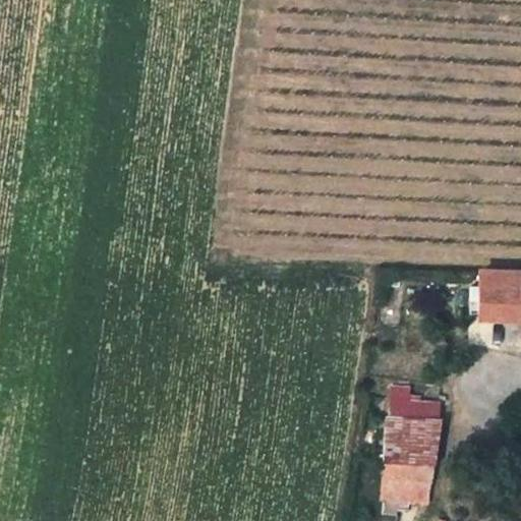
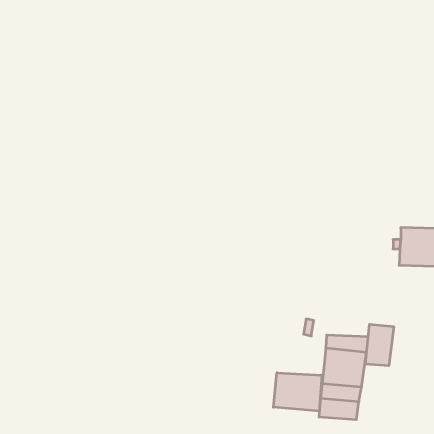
building: none -> [365,324,394,366]
building: none -> [273,373,322,411]

